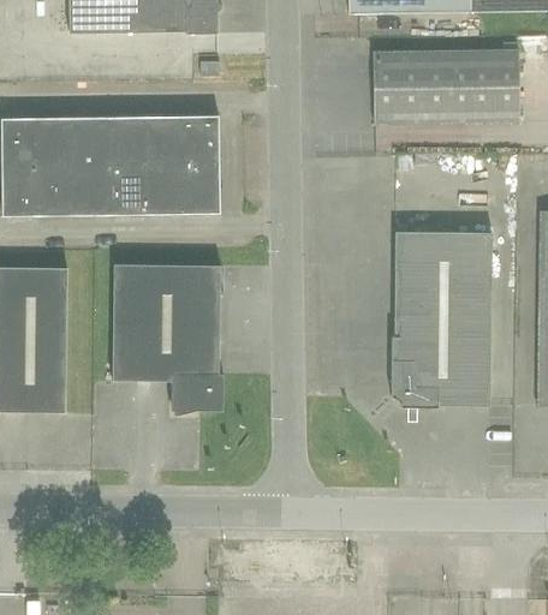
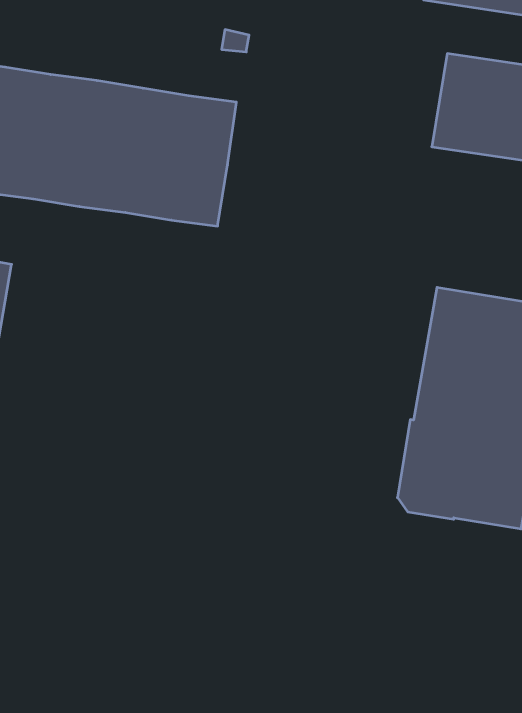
building: [112,262,224,414] -> none

